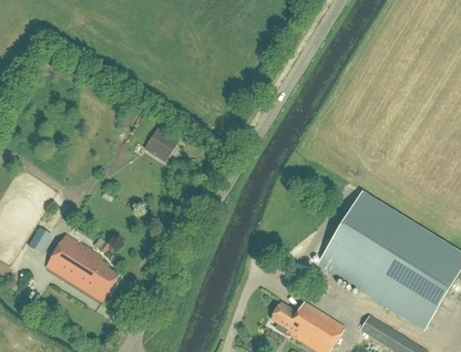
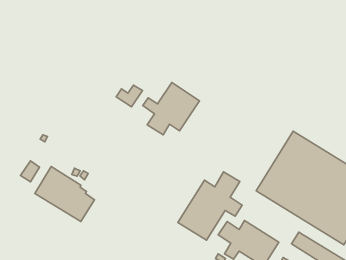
building: none -> [143,83,199,135]
building: none -> [178,172,242,240]

